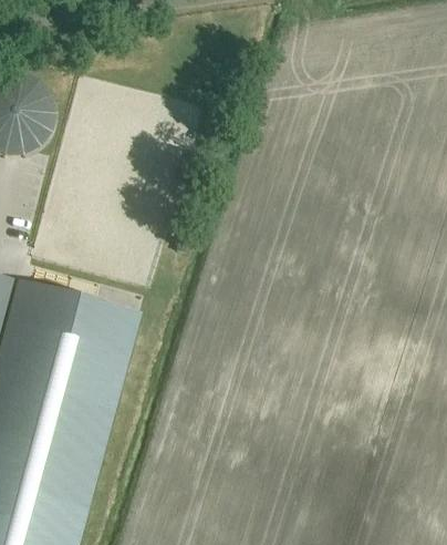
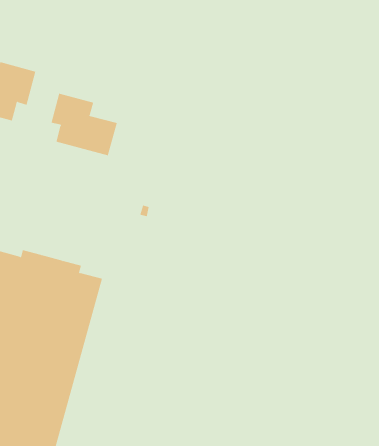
building: none -> [51,93,117,156]

